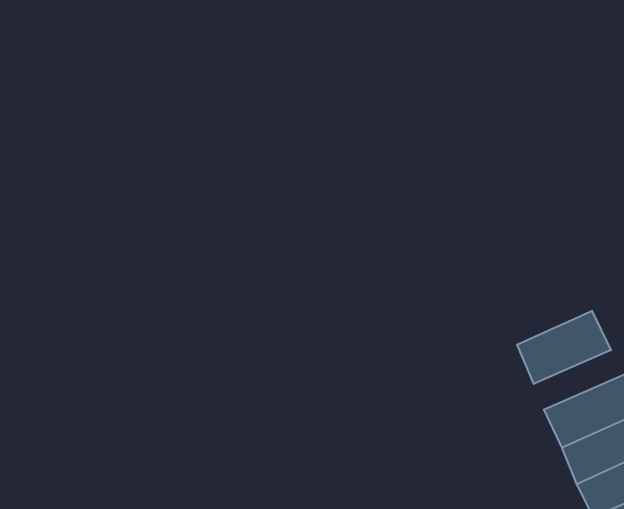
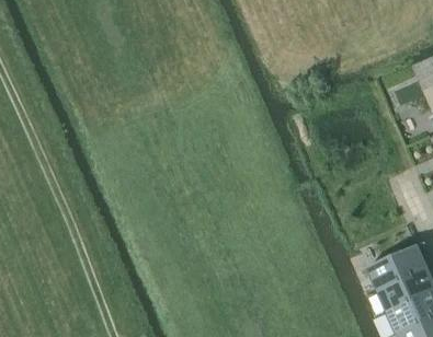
building: [517,311,611,384] -> none

